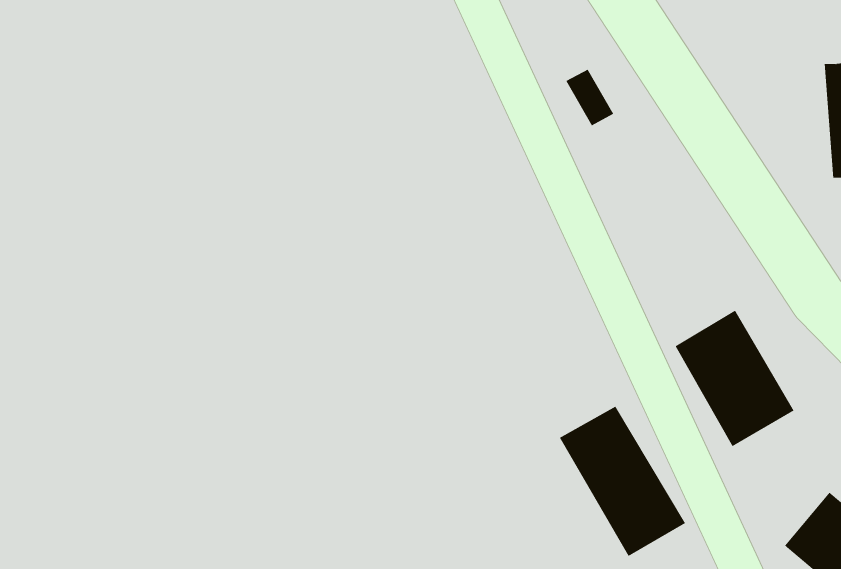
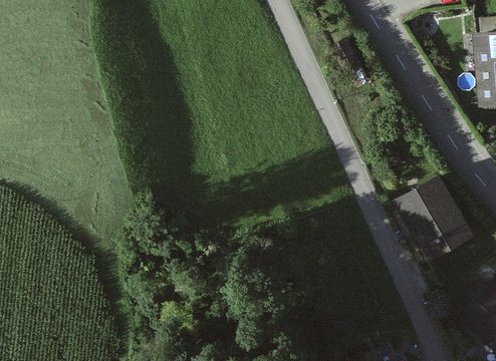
building: [559,406,686,557] -> none

